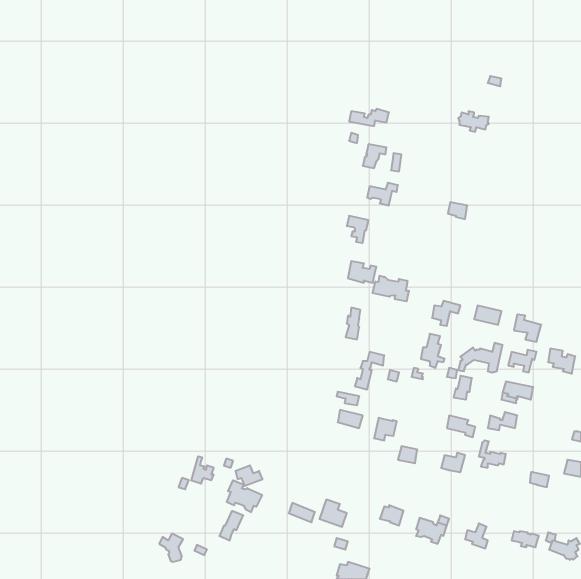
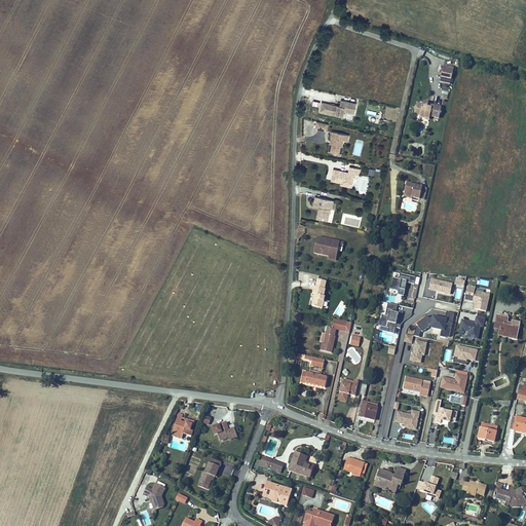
building: [373,276,409,301] -> none
building: [227,480,262,512] -> none
building: none -> [263,481,292,504]

